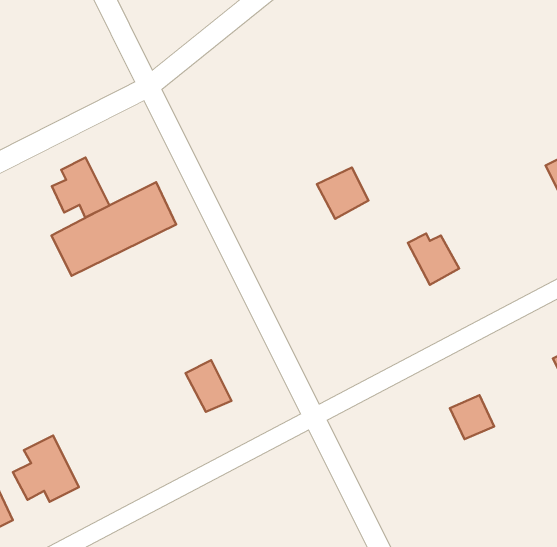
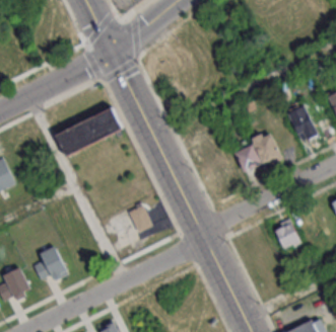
building: [52,157,109,218] -> none
building: [317,167,368,219] -> [233,144,262,172]
building: none -> [288,105,319,142]

